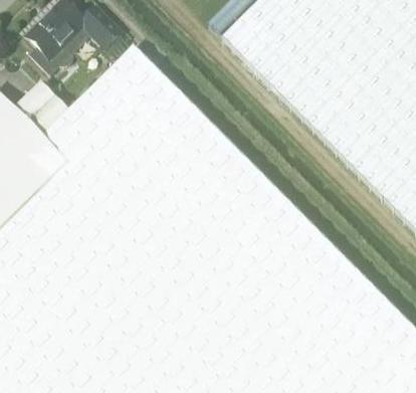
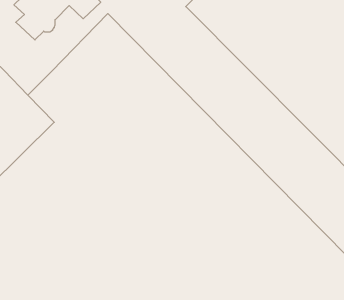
building: [14,84,68,140] -> none

